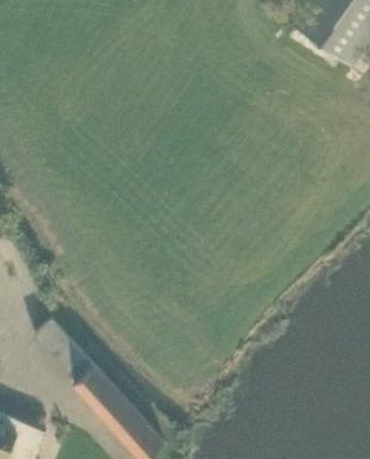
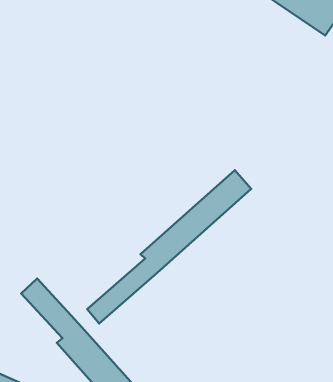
building: none -> [87,170,251,323]

